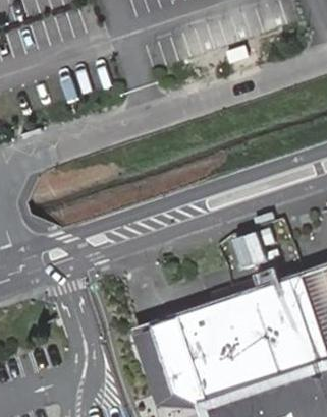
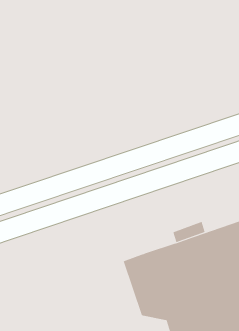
building: [137,325,209,406] -> none

